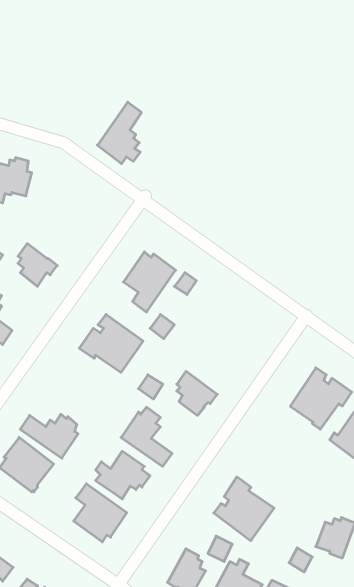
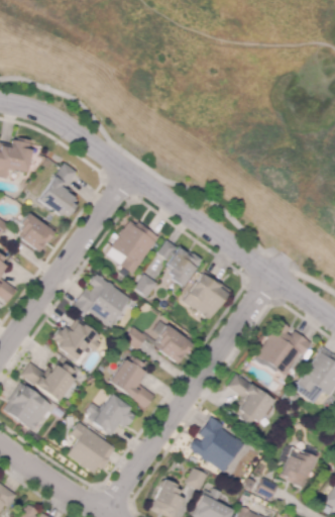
building: [97,102,141,164] -> [38,164,77,217]
building: none -> [167,247,201,287]
building: none -> [183,271,230,320]
building: none -> [52,319,100,360]
building: none -> [228,375,273,427]

